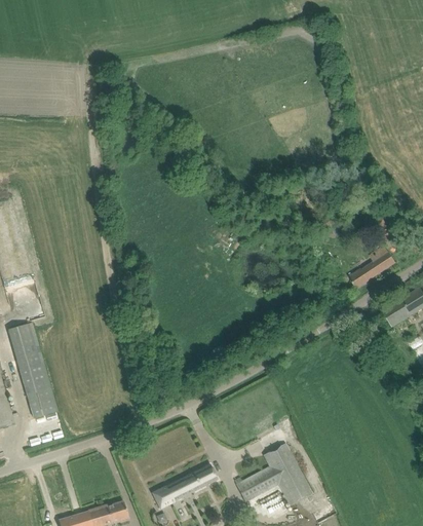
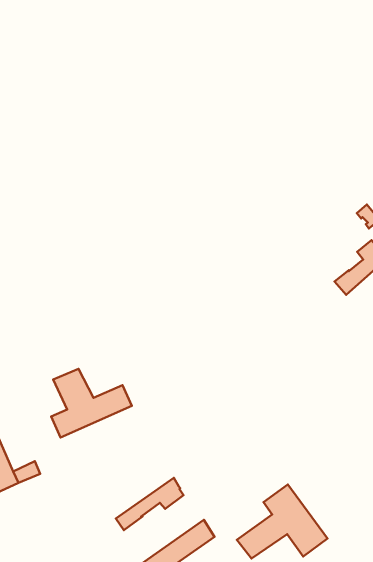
building: none -> [51,369,132,437]
building: none -> [116,478,184,530]

